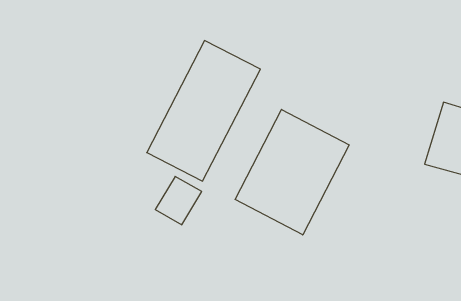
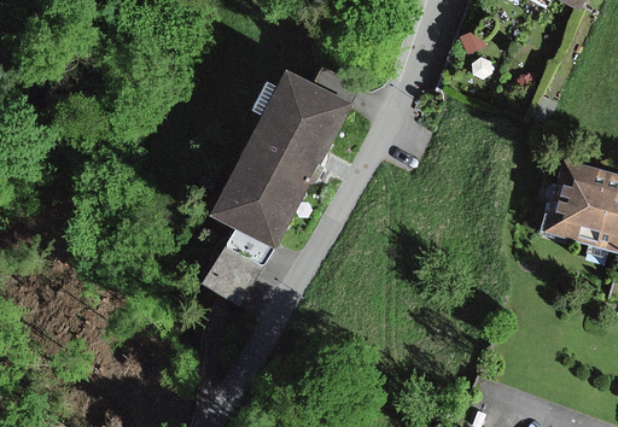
building: [235,109,349,235] -> none

